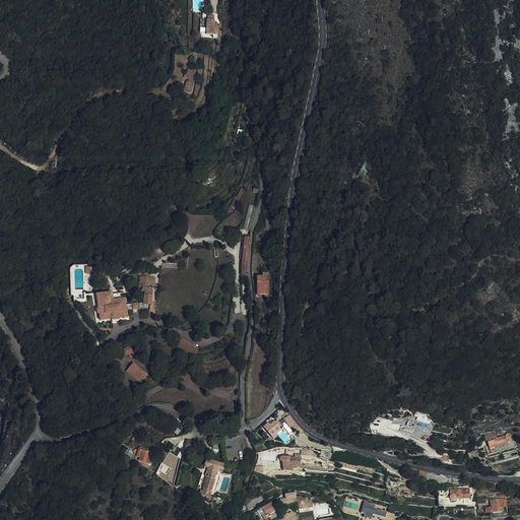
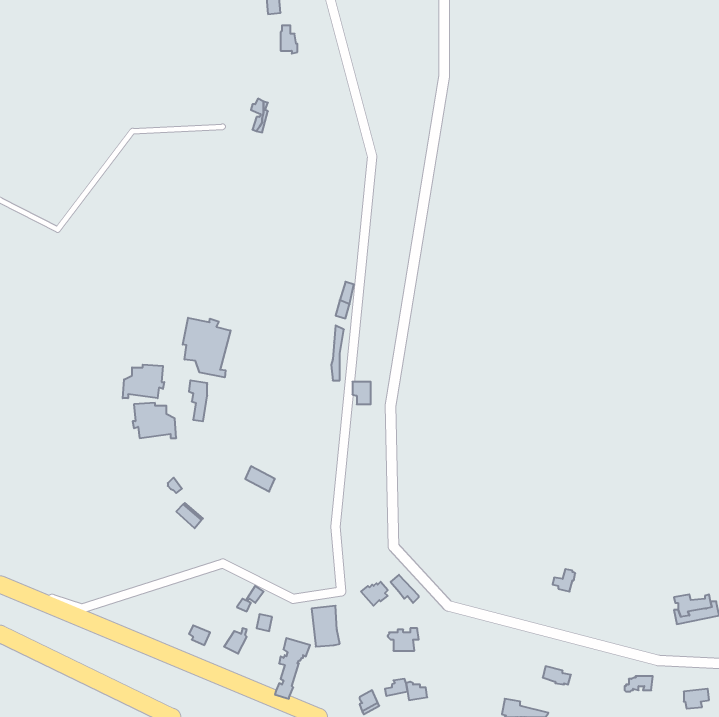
building: none -> [183,318,231,377]
building: none -> [123,365,164,398]

